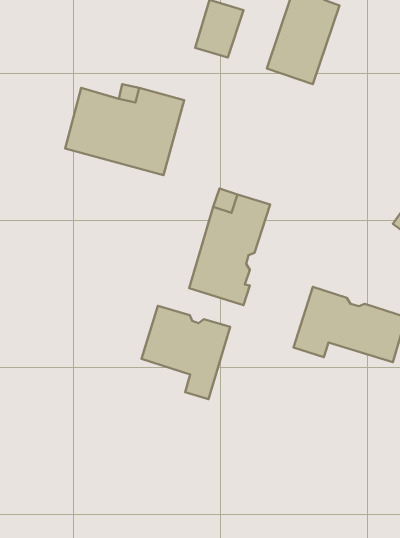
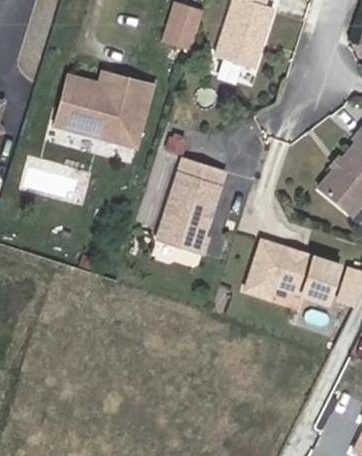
building: [141,306,230,399] -> none

